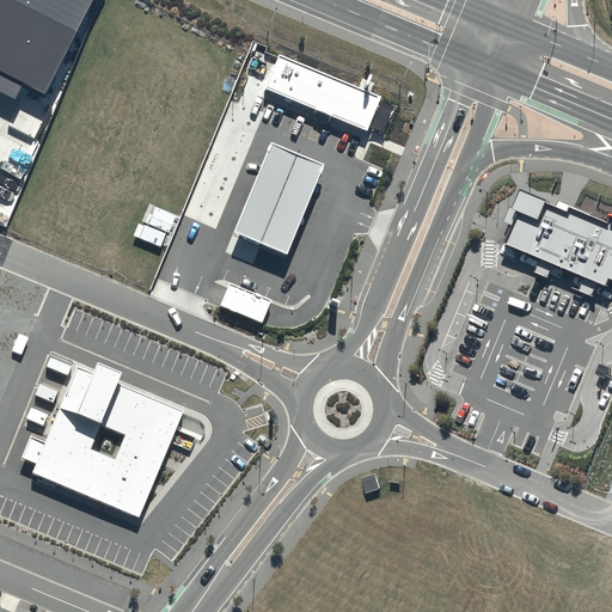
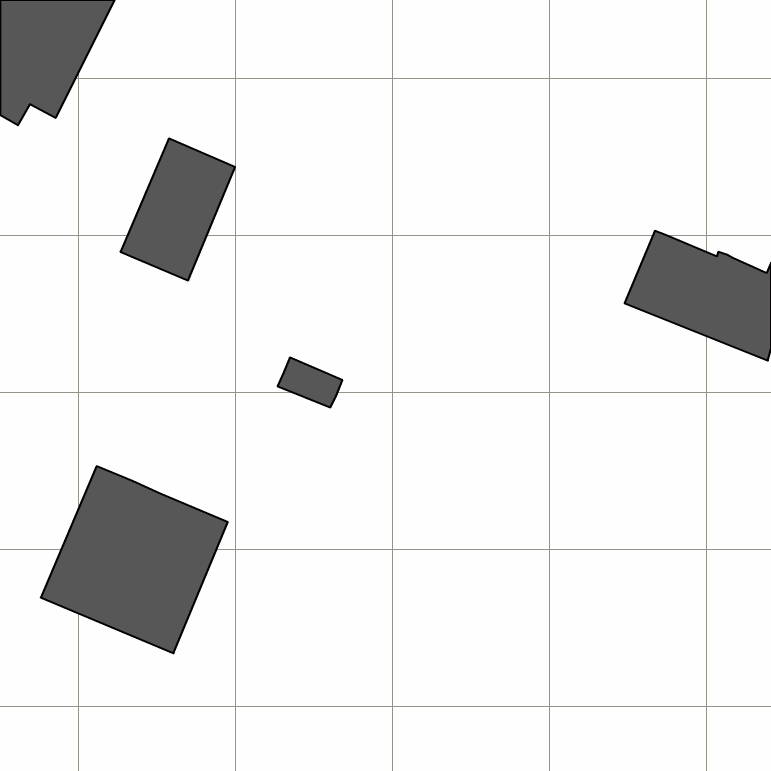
building: [267,57,381,130] -> none
building: [233,143,324,256] -> [120,139,235,280]

